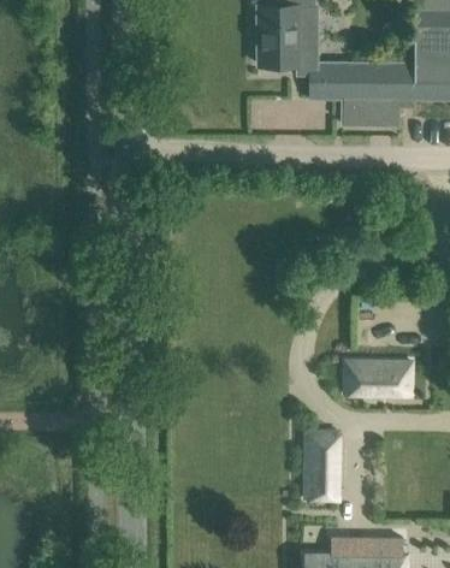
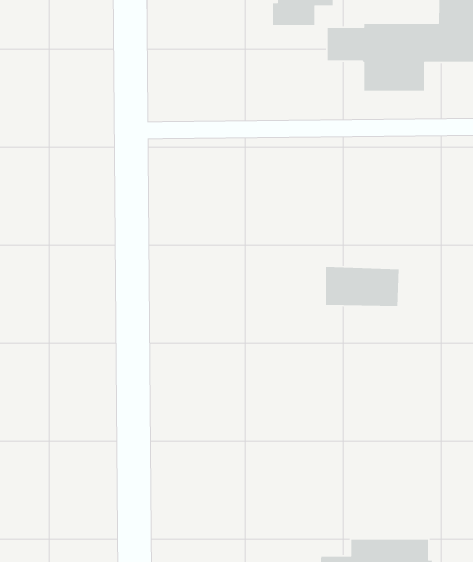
building: [343,360,411,397] -> [325,266,400,307]
building: [302,430,338,498] -> none

